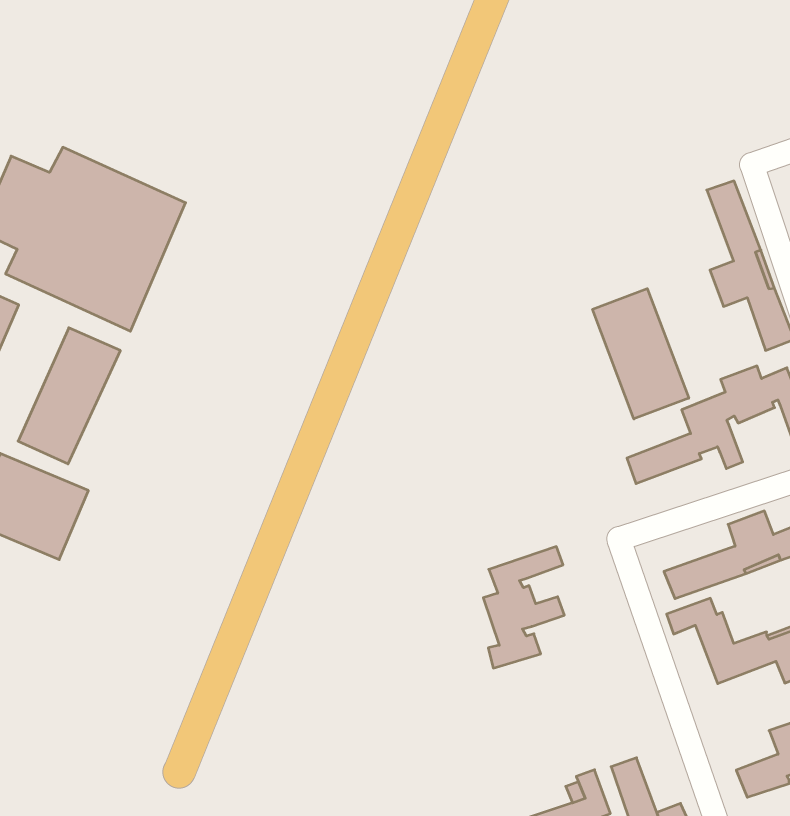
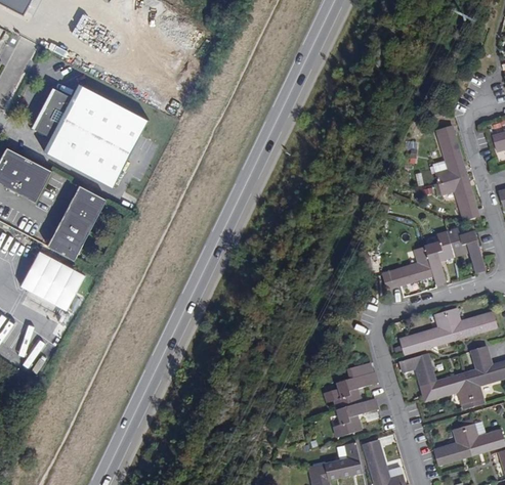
building: [593,289,689,419] -> none
building: [483,547,564,668] -> [331,371,376,436]

